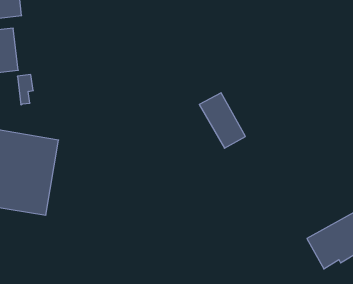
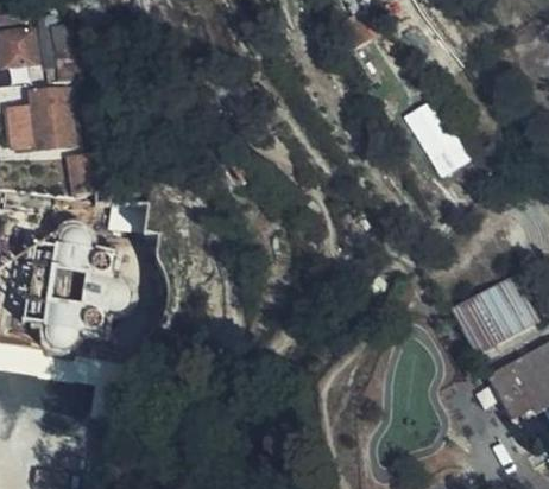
building: [199,93,245,148] -> [406,97,472,176]
building: none -> [448,279,537,360]

